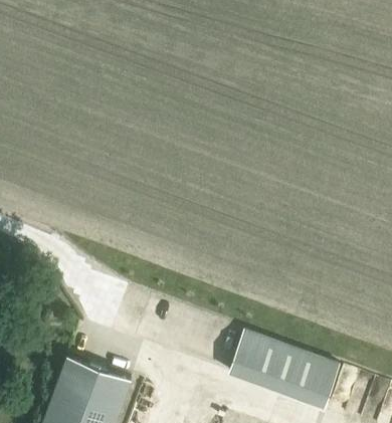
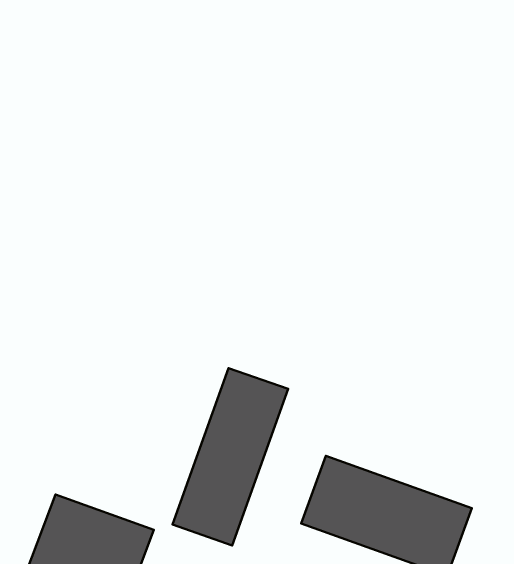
building: none -> [173,368,288,545]

